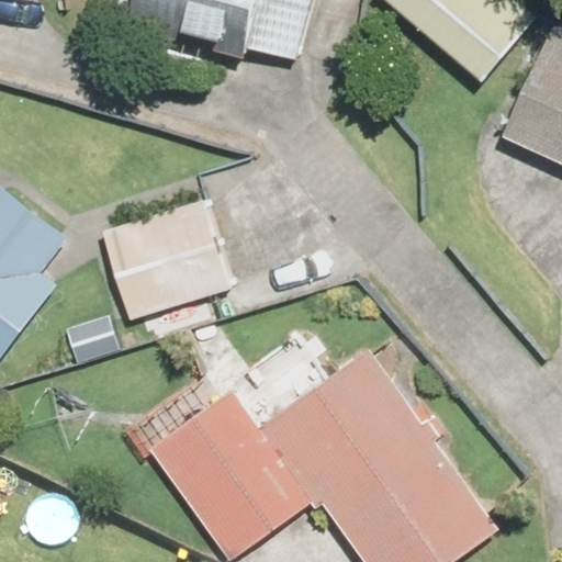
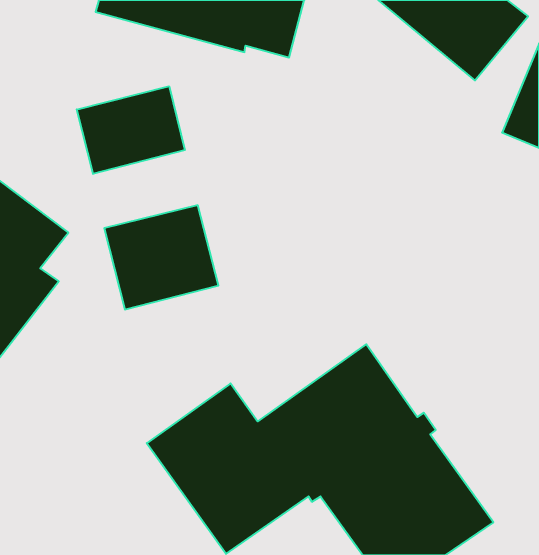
building: none -> [77,86,185,174]

